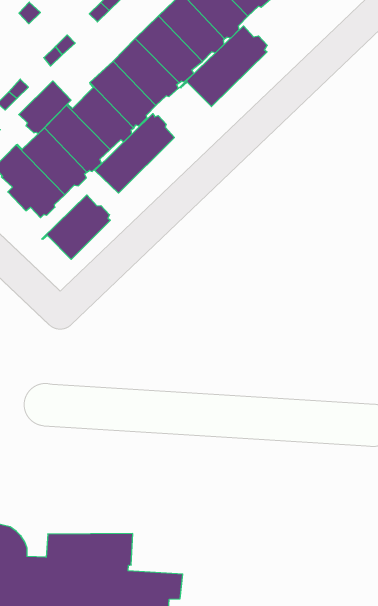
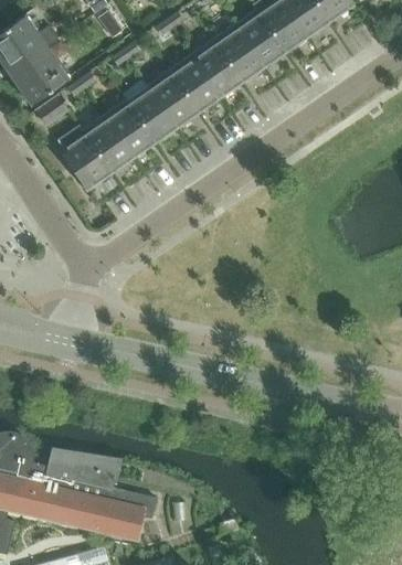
building: [179,26,267,107] -> none
building: [19,81,71,134] -> none
building: [95,114,174,193] -> none
building: [42,195,110,259] -> none

